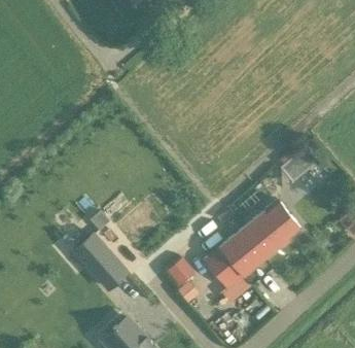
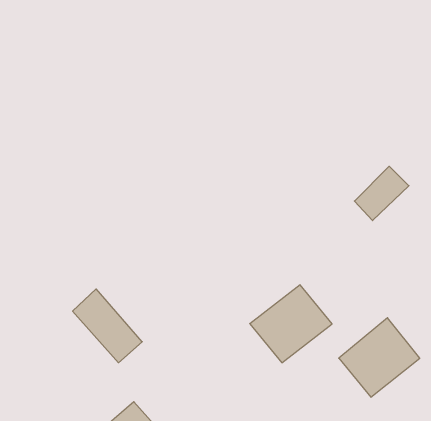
building: [243,200,303,258] -> [339,318,420,397]
building: [170,256,201,299] -> none

